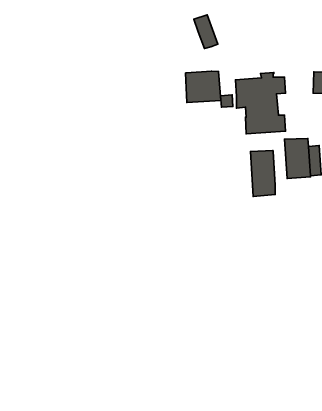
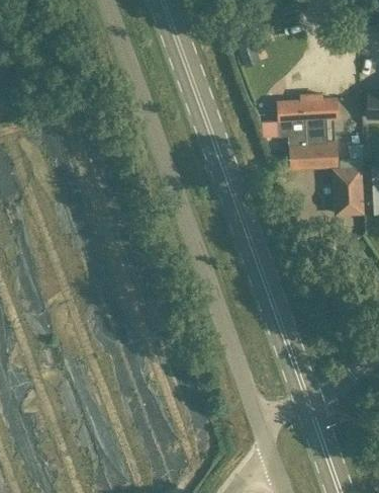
building: [185,71,221,102] -> none
building: [251,151,275,196] -> none

